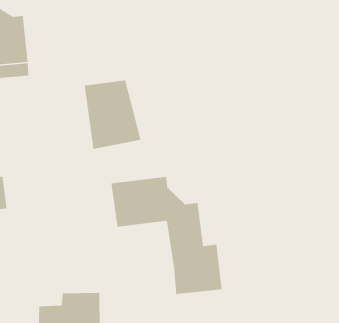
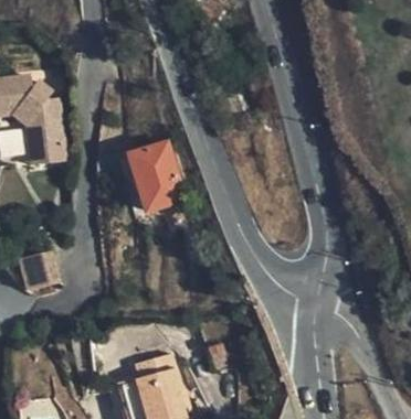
building: [111,176,223,295] -> none

